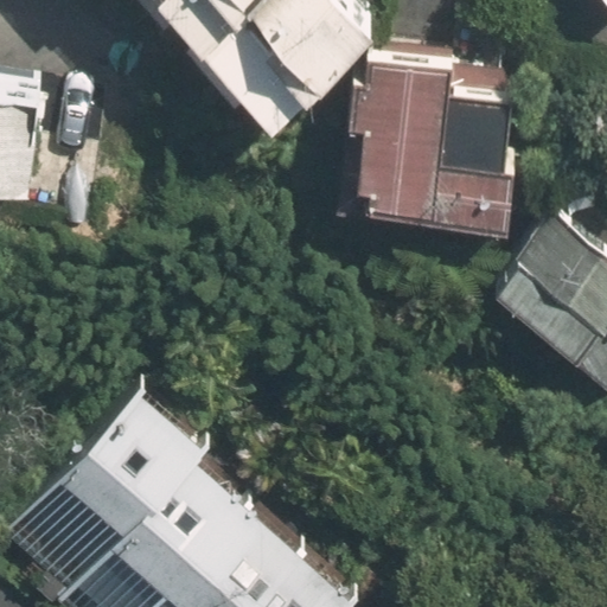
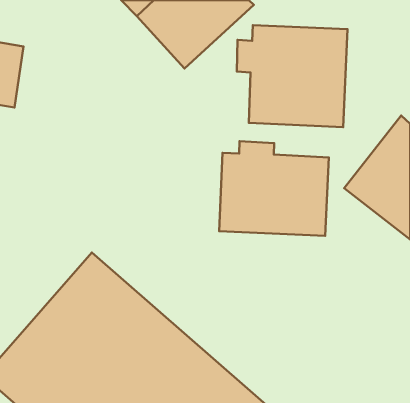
building: none -> [219,141,329,236]

